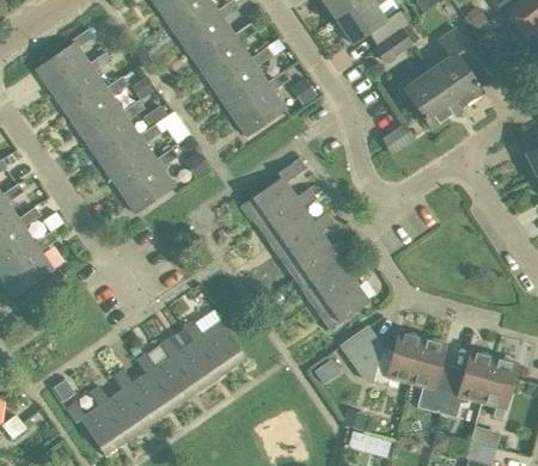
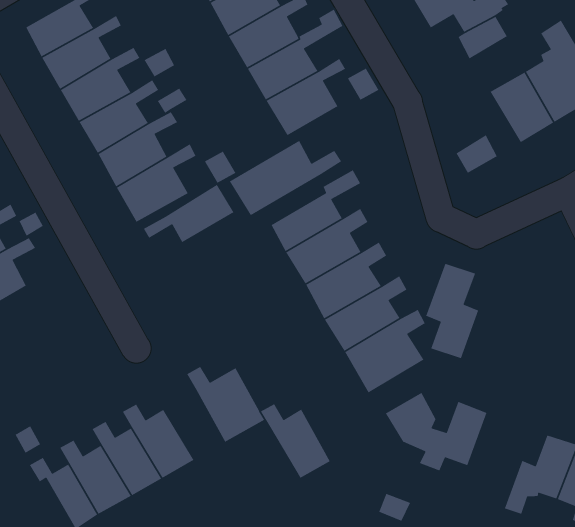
building: none -> [229,140,342,216]
building: none -> [143,184,234,243]
building: [160,337,219,394] -> [260,403,331,479]
building: [410,338,452,412] -> [425,263,479,359]

